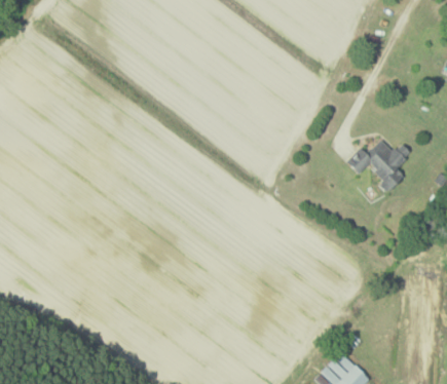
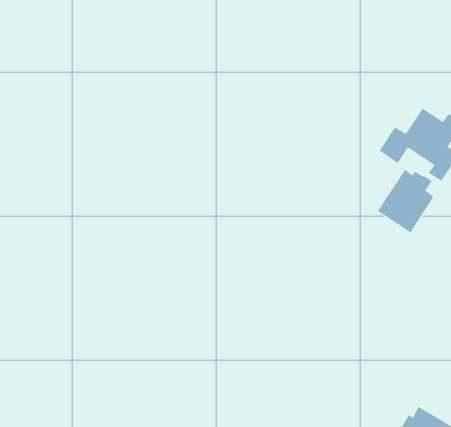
building: none -> [377,169,434,233]

